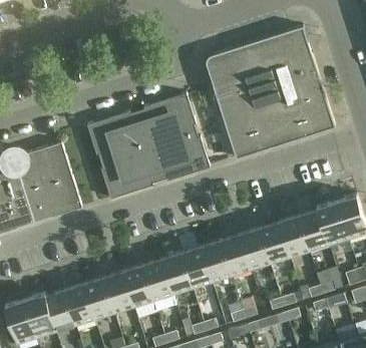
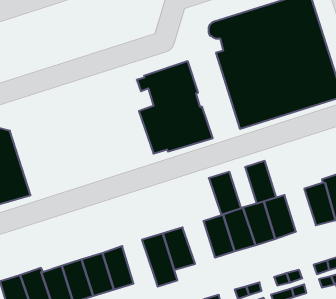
building: [85,110,151,198] -> none
building: [13,141,80,222] -> none
building: [278,216,308,257] -> [245,161,276,204]
building: [179,247,211,288] -> [209,172,241,215]
building: [121,265,152,307] -> none

